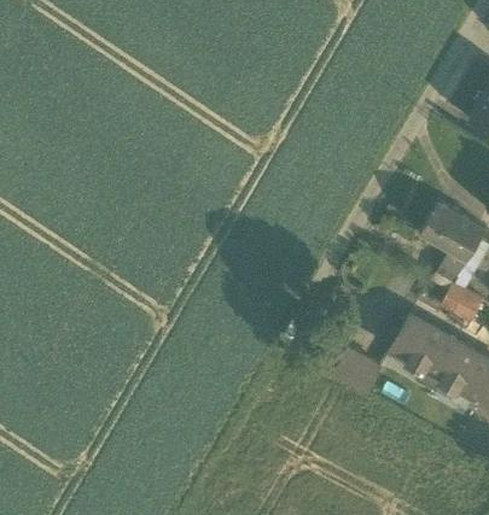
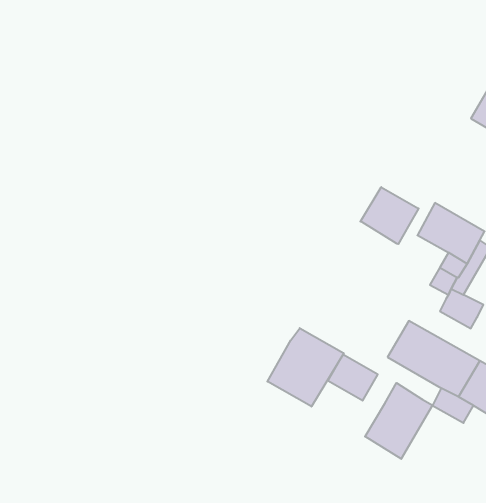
building: none -> [360,187,419,244]
building: none -> [267,328,344,407]
building: none -> [365,383,433,459]

